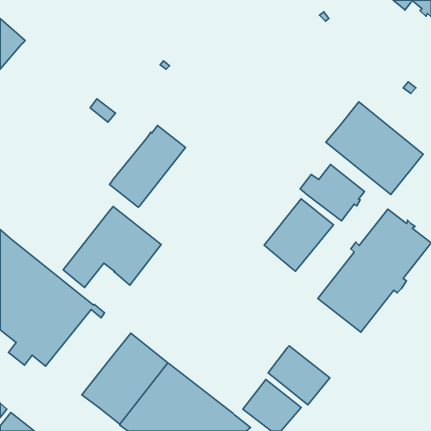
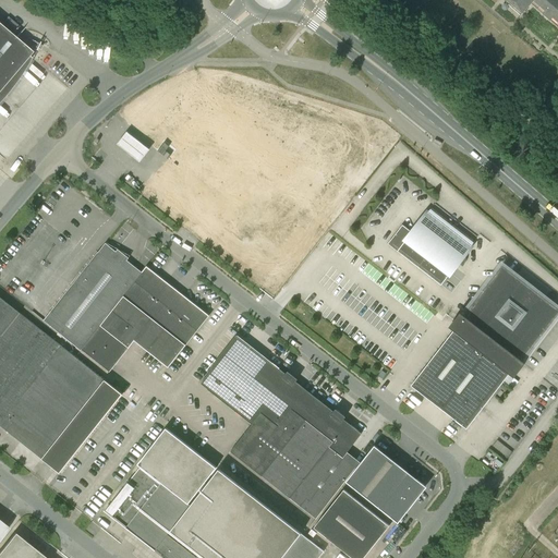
building: [326,102,423,194] -> none
building: [110,125,185,207] -> [44,244,142,350]
building: [264,199,333,271] -> none
building: none -> [201,337,360,519]

